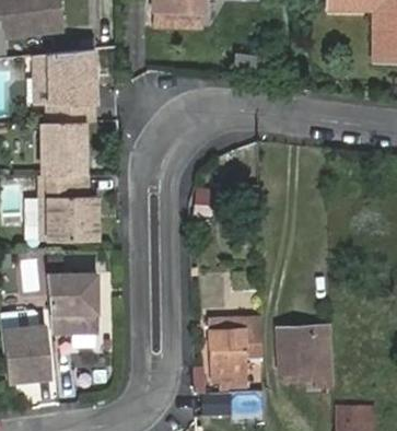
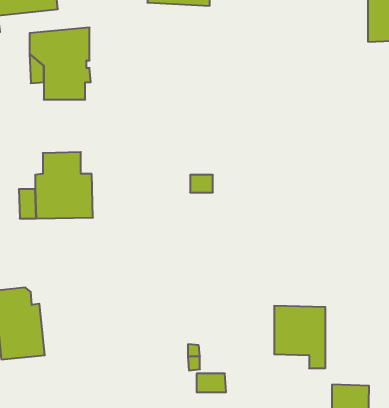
building: [40,120,85,174] -> none
building: [44,271,97,330] -> none
building: [211,316,262,389] -> none

